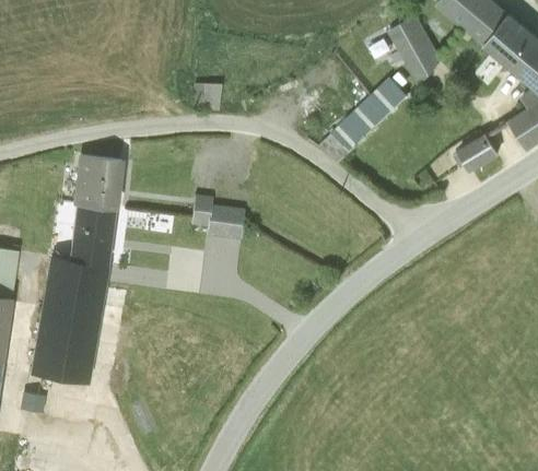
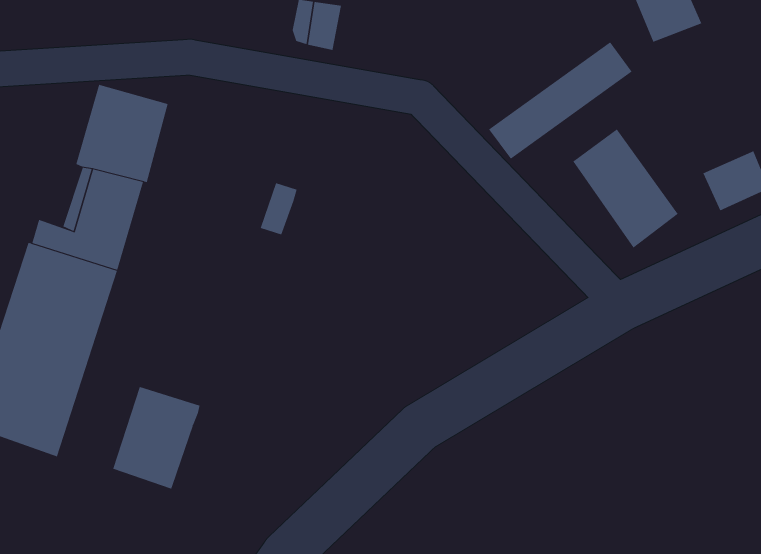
building: none -> [573,129,678,248]
building: [206,208,239,239] -> none
building: none -> [112,386,200,490]

